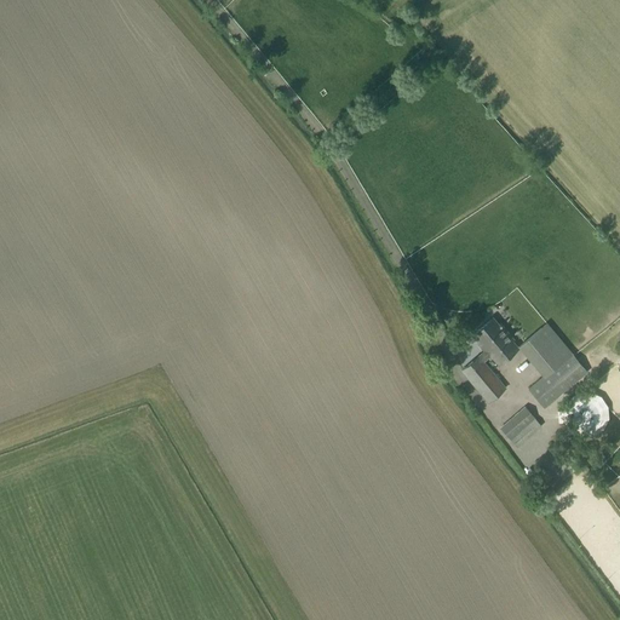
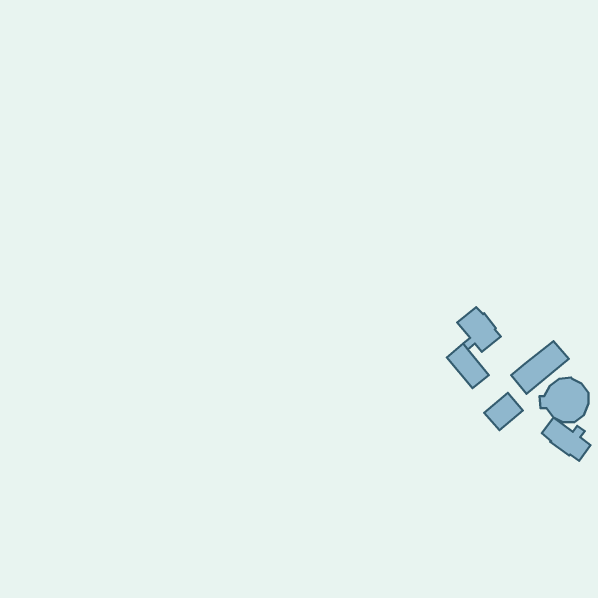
building: [519,322,573,375] -> none
building: none -> [542,417,591,461]

